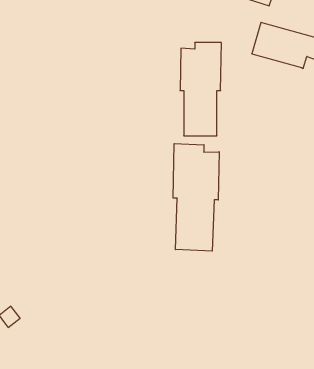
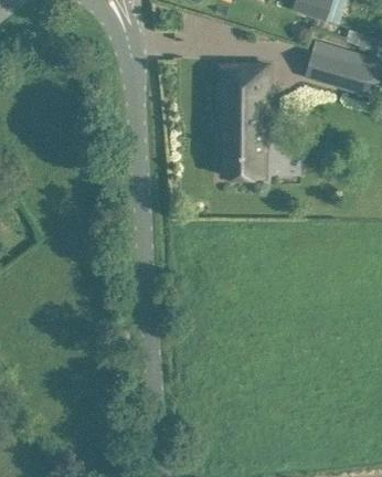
building: [173,144,219,251] -> none

